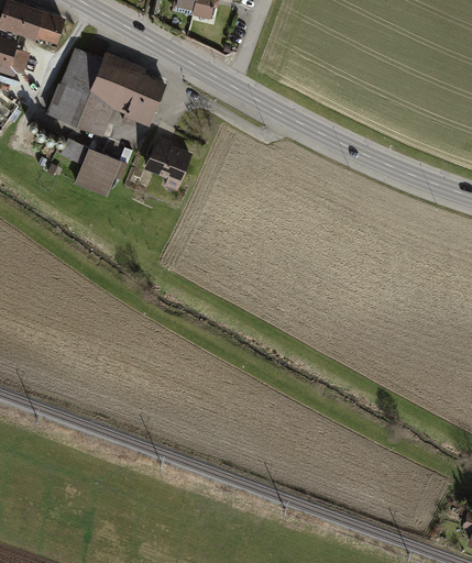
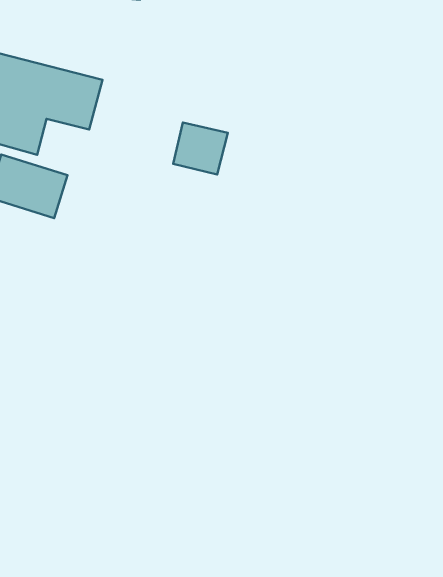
building: [141,137,193,187] -> [173,123,228,174]

